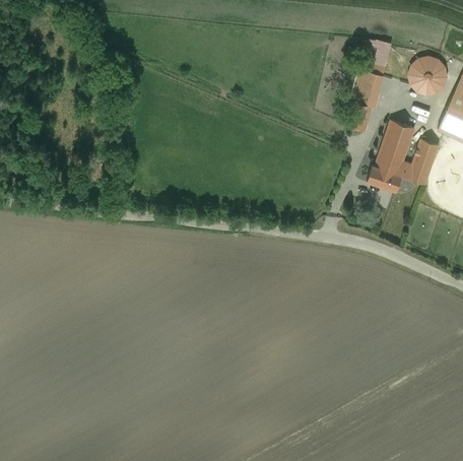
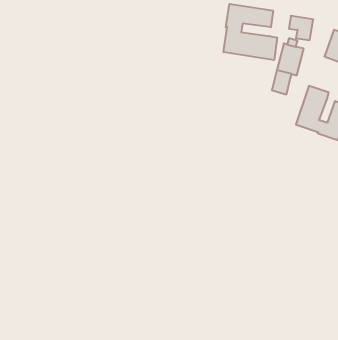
building: none -> [224,4,277,60]
building: [367,166,401,191] -> none

